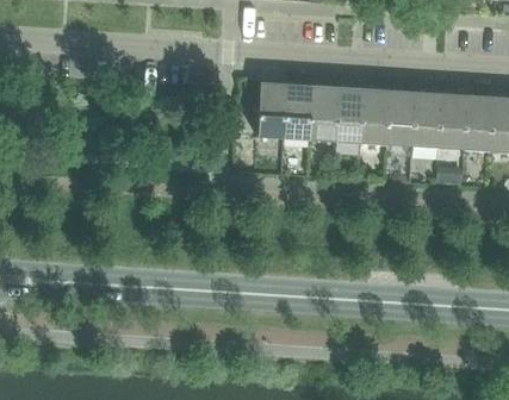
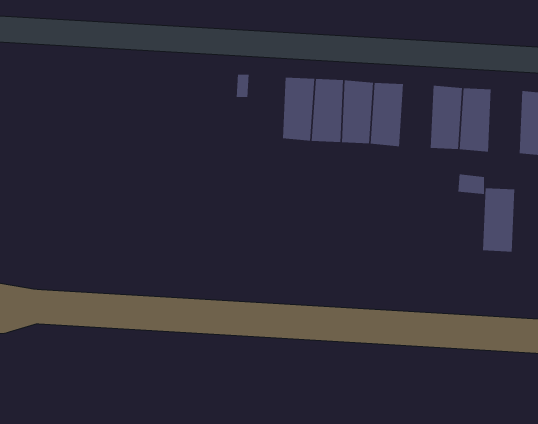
building: [256,82,286,138] -> none
building: [386,90,415,146] -> none
building: [464,95,492,151] -> [482,188,515,252]

